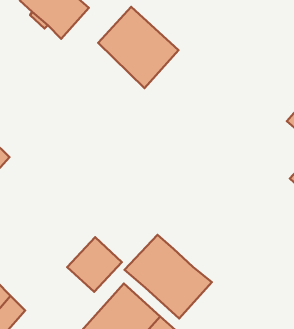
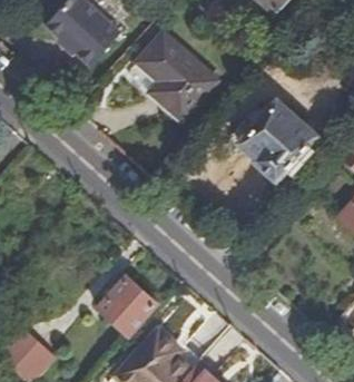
building: none -> [238,102,330,195]
building: [125,235,212,318] -> none

